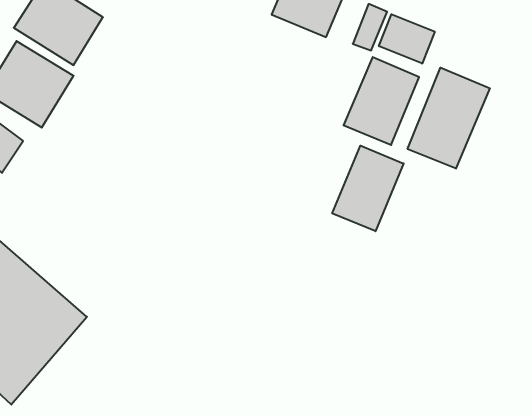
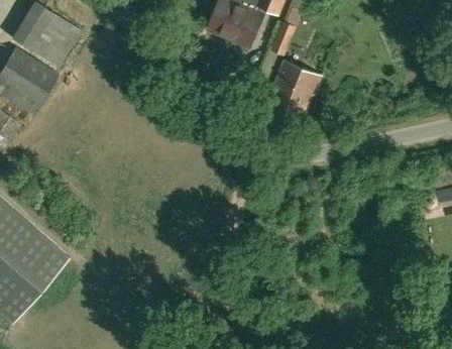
building: [379,14,435,64] -> none
building: [408,68,490,169] -> none
building: [332,146,404,231] -> none

